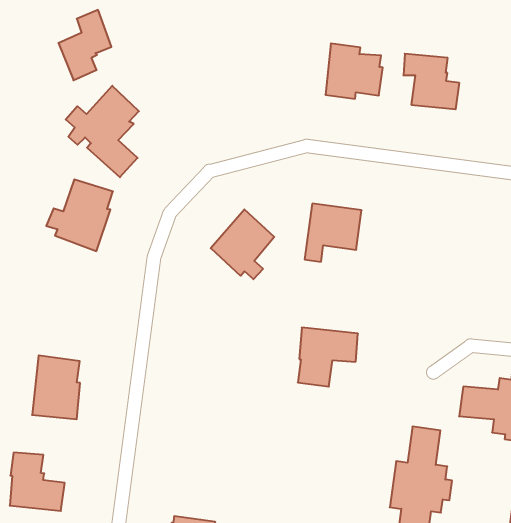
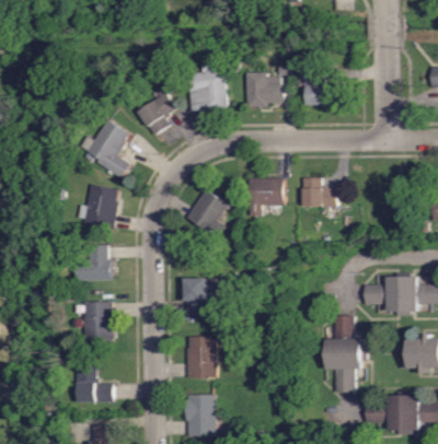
building: [58,10,111,80] -> [140,85,175,133]
building: none -> [188,63,227,110]
building: none -> [302,177,335,206]
building: none -> [76,245,112,280]
building: [298,328,358,387] -> [183,277,221,314]
building: none -> [185,336,215,377]

